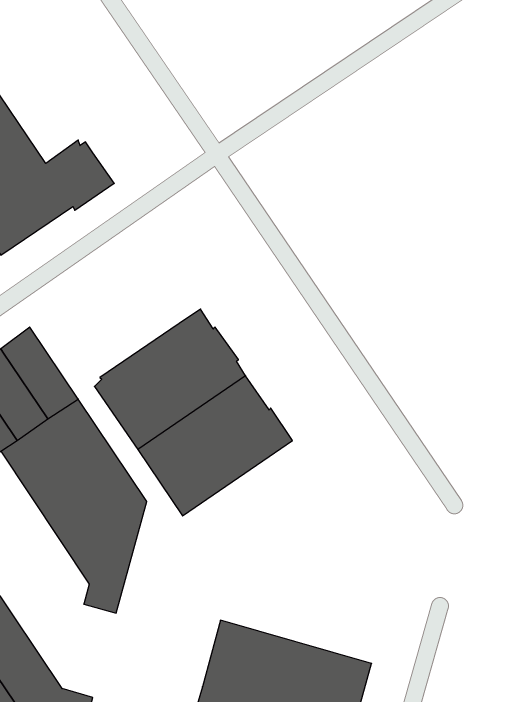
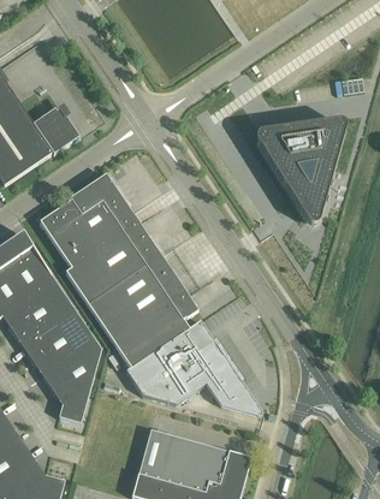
building: none -> [256,120,345,225]
building: none -> [40,173,137,265]
building: none -> [125,317,262,415]

